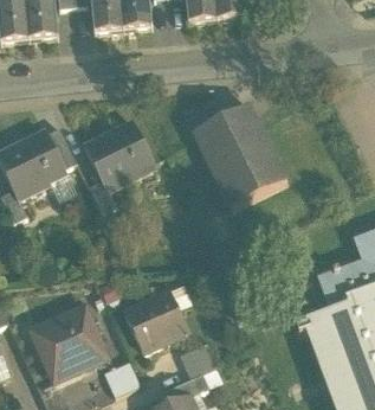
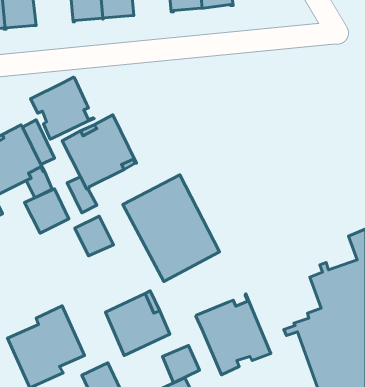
building: none -> [31,77,94,139]
building: [192,107,284,209] -> [123,175,220,282]
building: none -> [25,189,69,233]
building: none -> [75,216,113,256]
building: none -> [196,294,271,375]

